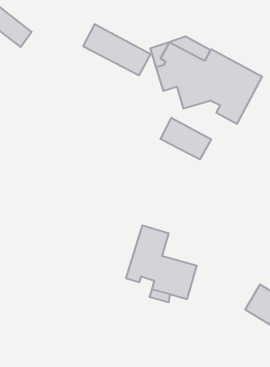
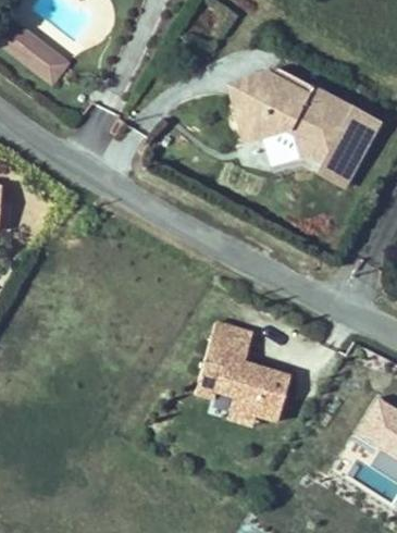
building: [83,24,151,75] -> none
building: [160,118,211,159] -> none

